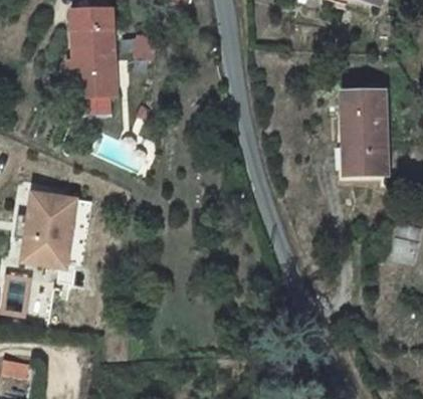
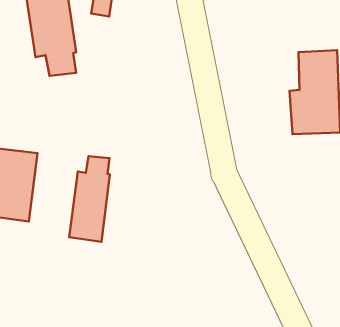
building: none -> [69,156,110,242]

